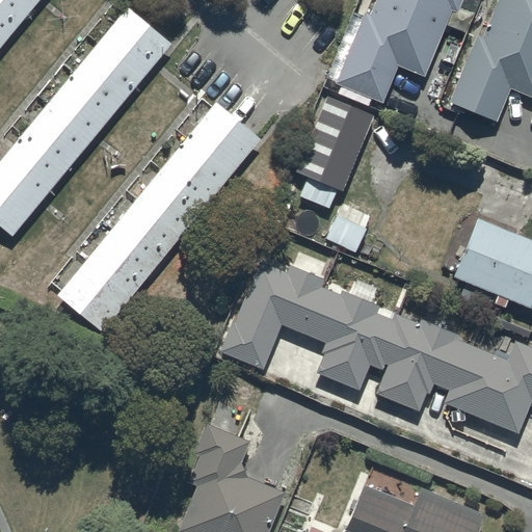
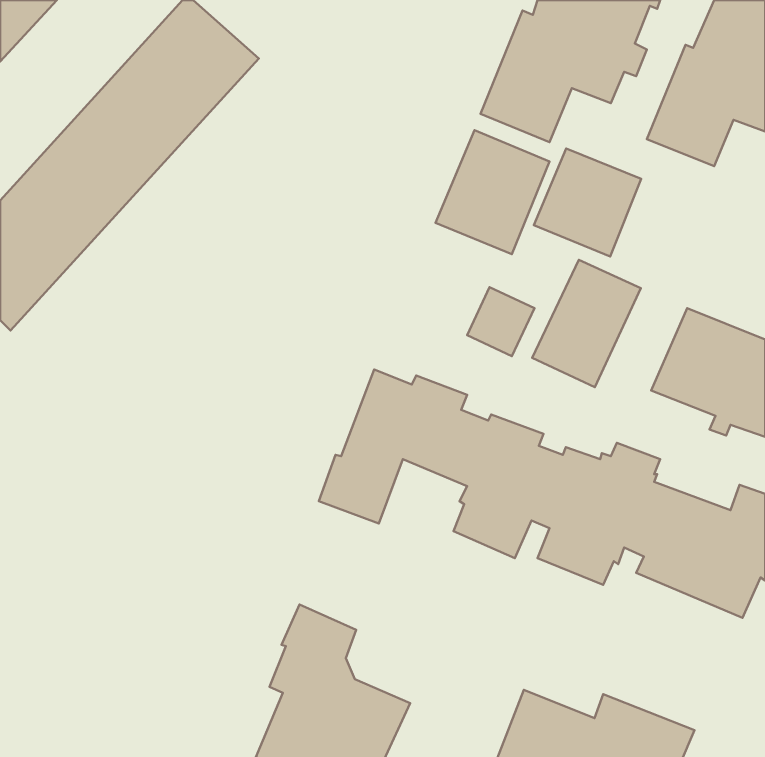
building: [53,99,269,329] -> none
building: none -> [534,149,641,256]
building: none -> [532,260,641,387]

